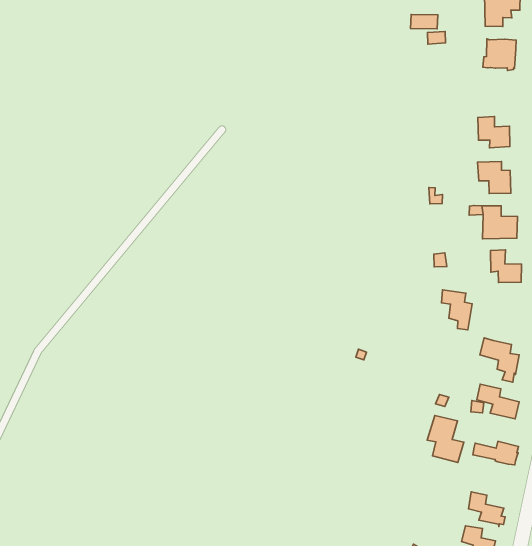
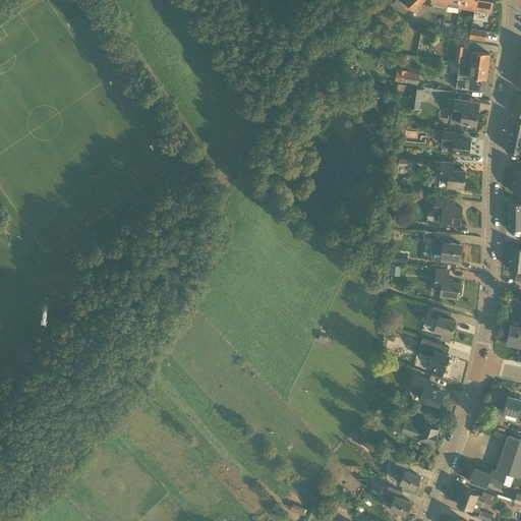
building: none -> [442,131,471,156]
building: [442,290,472,330] -> [430,307,455,342]
building: [427,415,464,462] -> none

